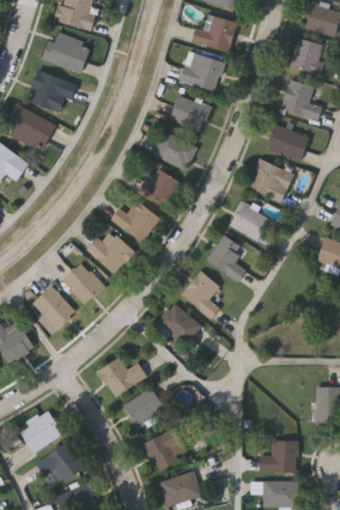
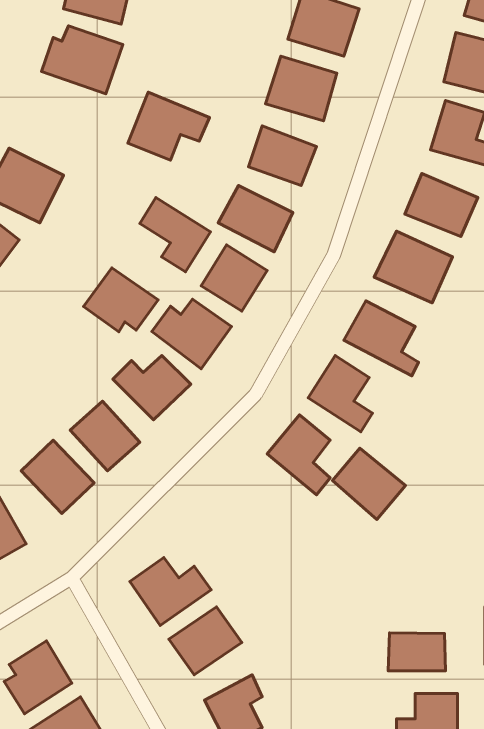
building: [29,70,79,112] -> [128,92,209,160]
building: none -> [140,198,210,272]
building: none -> [84,268,158,332]
building: [157,302,201,346] -> [333,448,406,520]
building: none -> [388,633,445,671]

